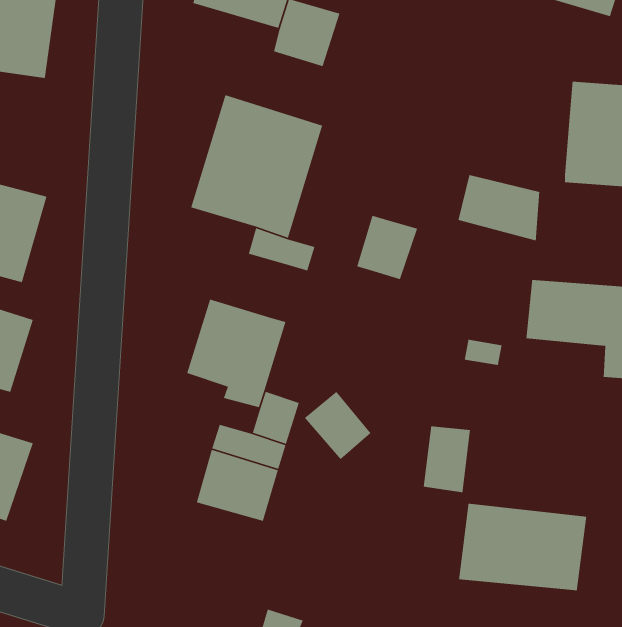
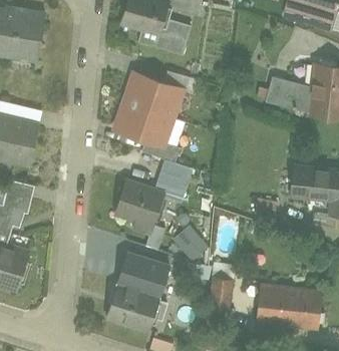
building: [457,174,540,242] -> [267,76,310,111]
building: [356,215,418,280] -> [156,158,189,193]
building: [423,426,471,493] -> [209,278,234,313]
building: none -> [105,282,160,332]

